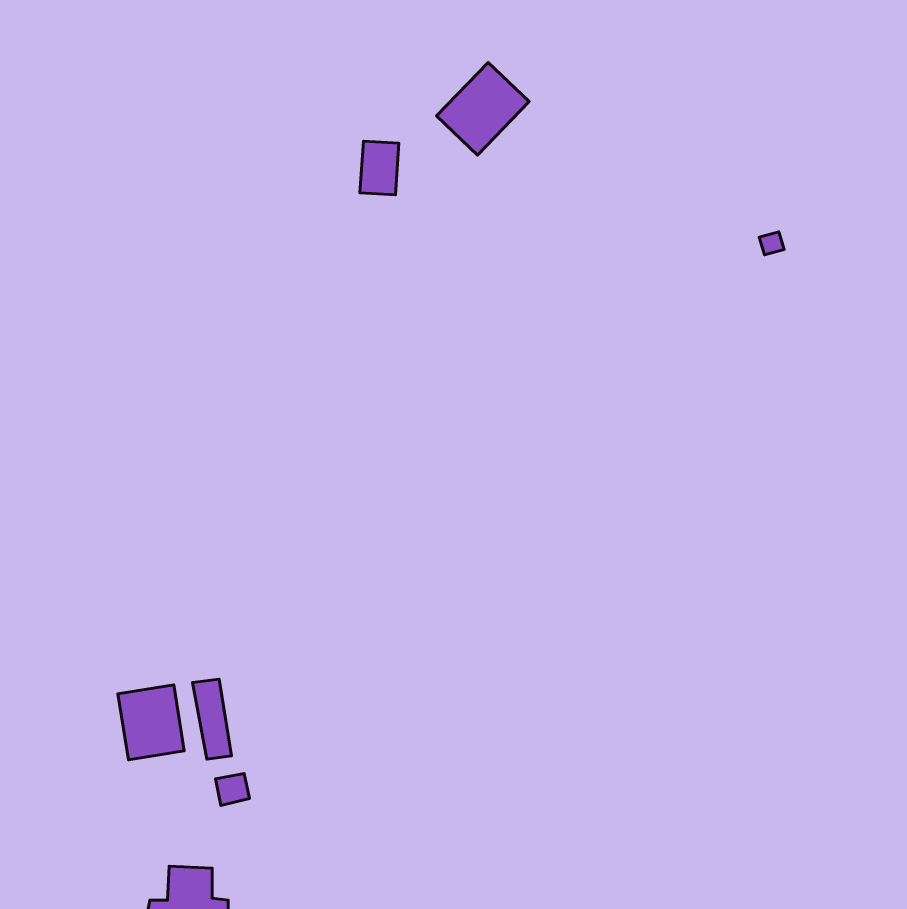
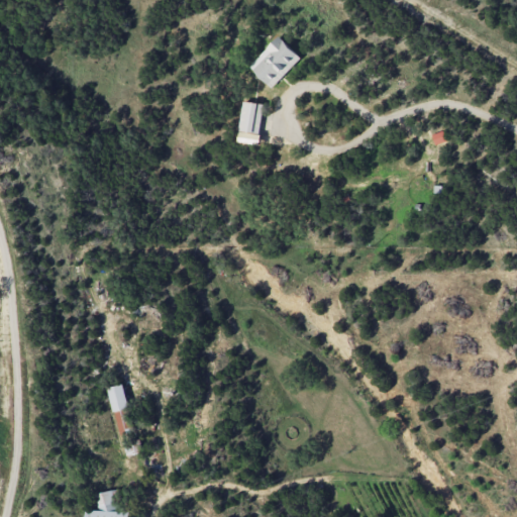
building: [360,141,399,195] -> [238,103,261,133]
building: [118,685,184,760] -> none

